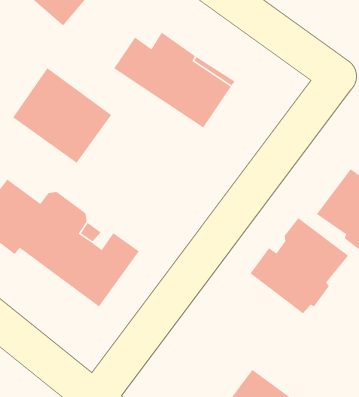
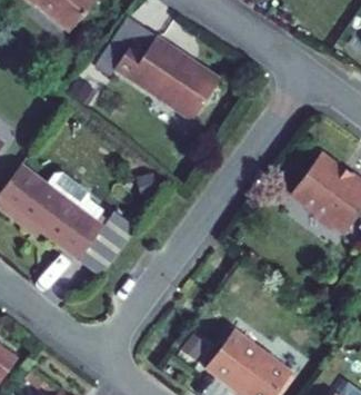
building: [12,67,112,164] -> none
building: [249,217,349,314] -> none

